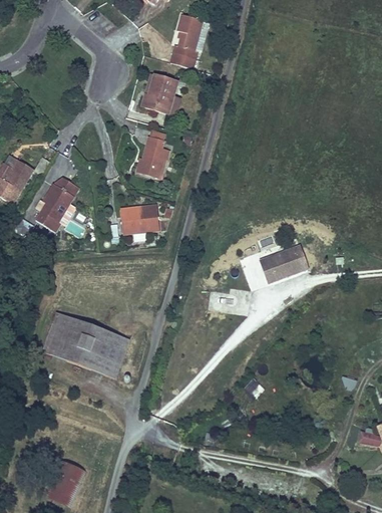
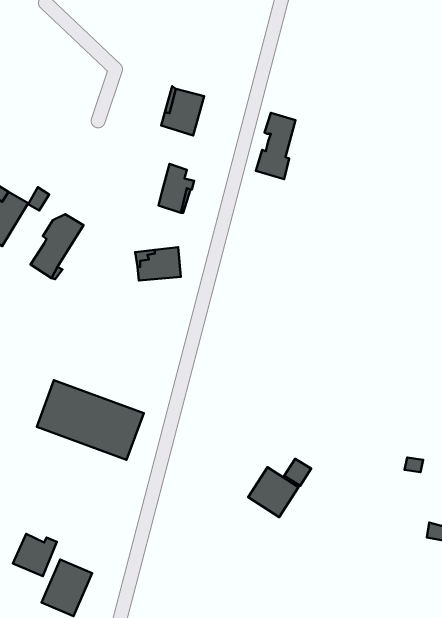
building: [170,14,203,68] -> [256,113,295,179]
building: [260,244,310,283] -> none
building: none -> [248,467,299,517]
building: none -> [13,534,57,576]

